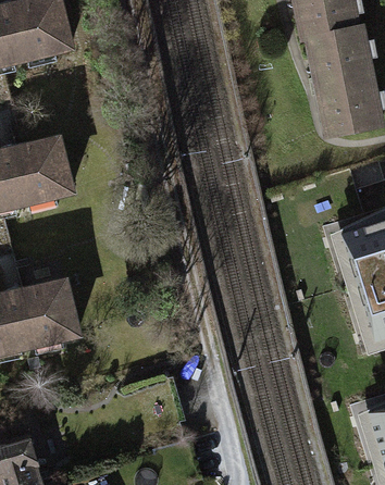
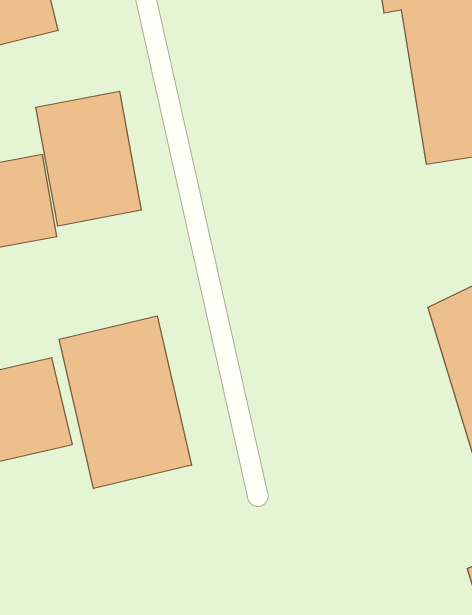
building: none -> [36,91,141,226]
building: none -> [59,316,191,489]

